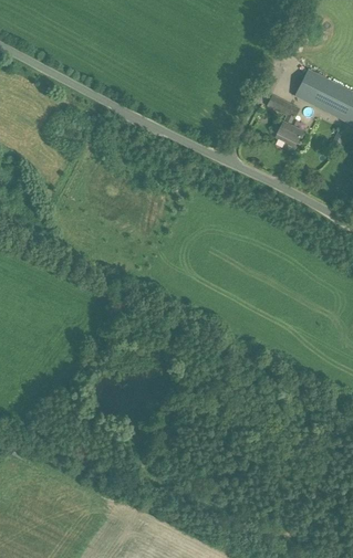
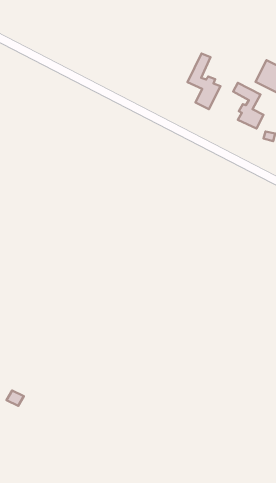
building: none -> [188,53,221,109]

